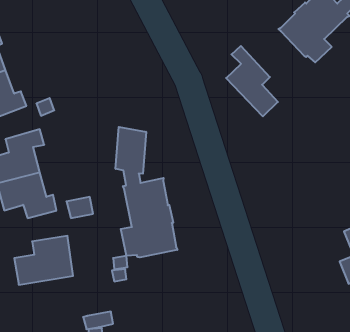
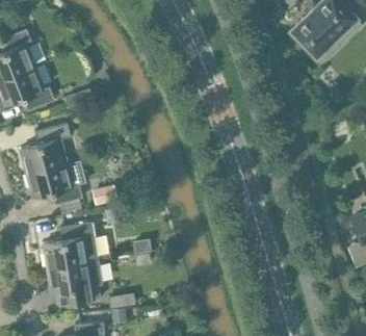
building: [226,46,278,116] -> none
building: [116,127,177,257] -> none
building: none -> [47,260,102,305]

